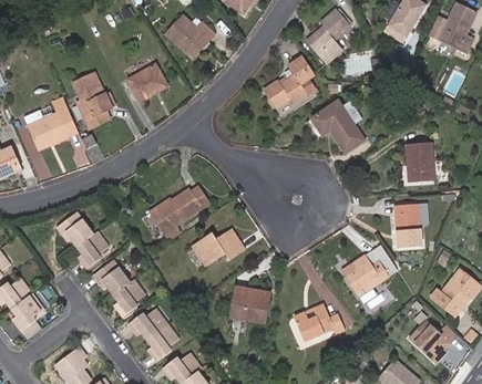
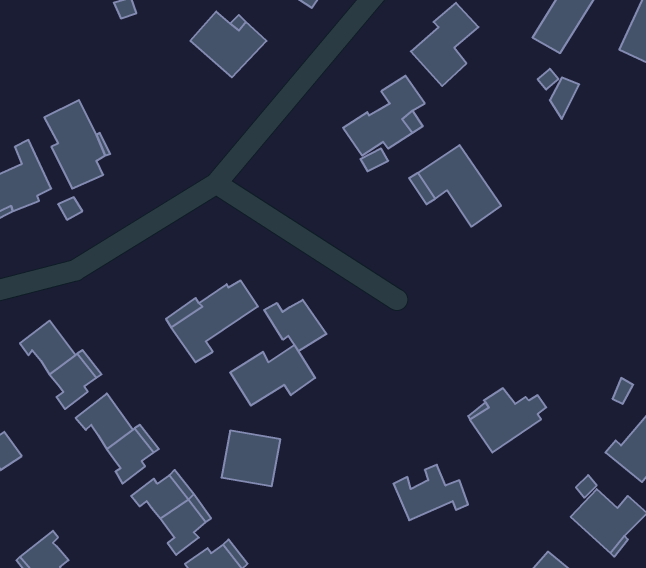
building: [127,64,166,101] -> none
building: [406,142,434,183] -> none
building: none -> [264,300,327,351]
building: [394,204,421,248] -> none
building: [230,287,268,322] -> [221,431,280,486]

